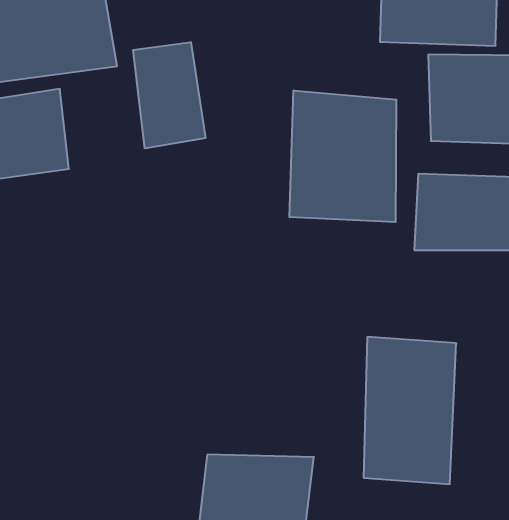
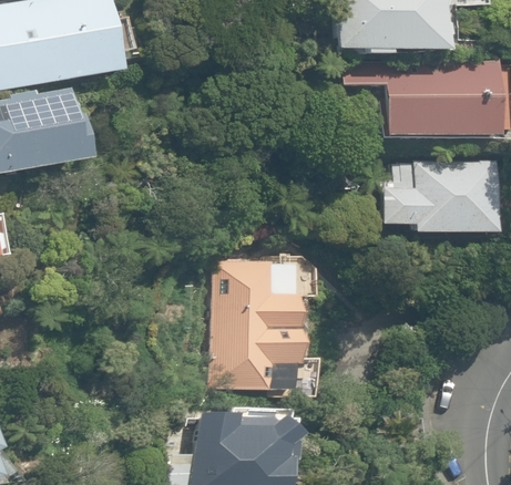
building: [133,42,205,148] -> none
building: [290,90,396,222] -> none
building: [364,337,456,484] -> [226,261,307,390]

